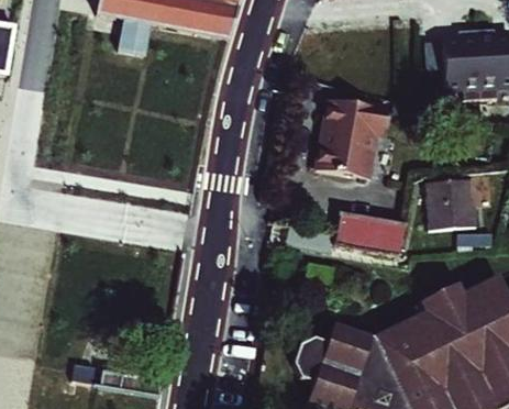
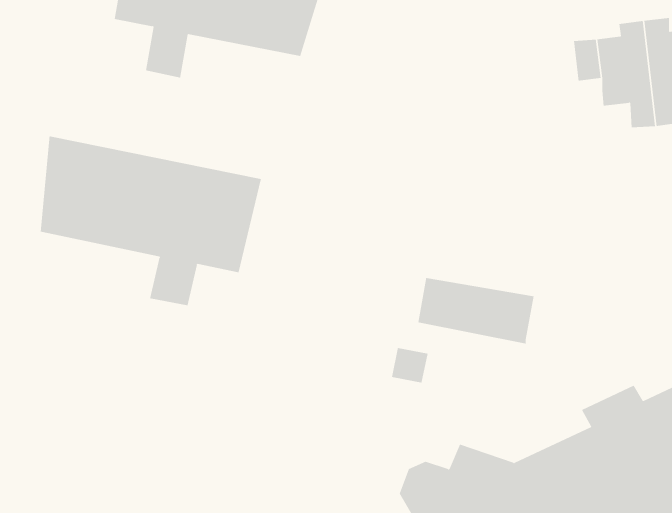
building: none -> [40,135,261,306]
building: [314,104,383,180] -> none
building: [416,173,466,223] -> none

